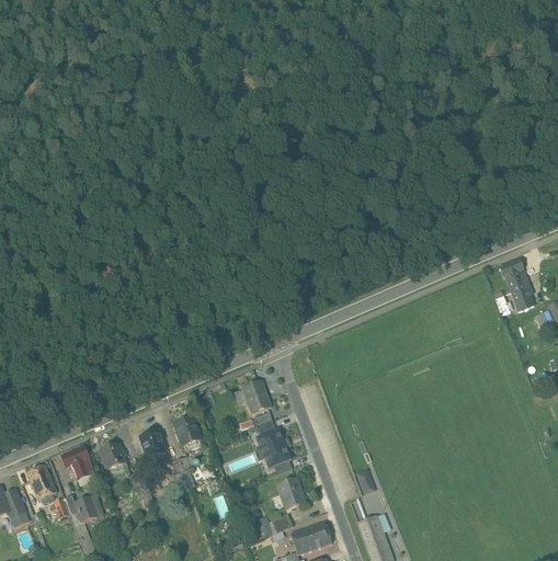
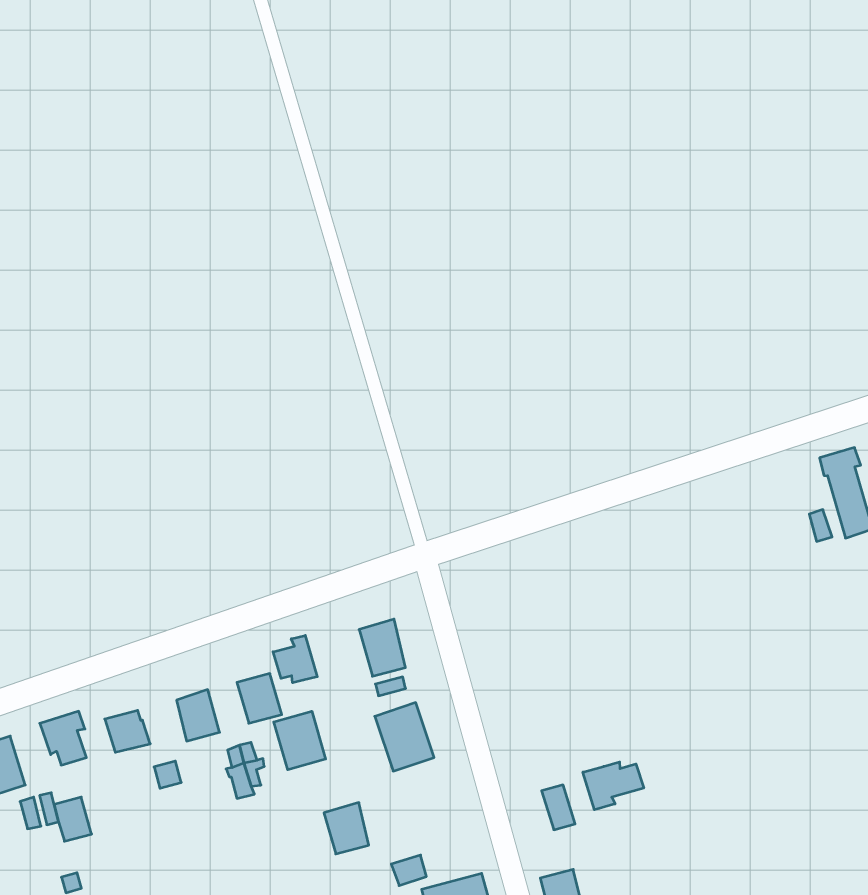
building: none -> [273,635,317,683]
building: none -> [274,711,326,770]
building: none -> [583,762,644,810]
building: [277,478,305,508] -> [324,803,369,854]

